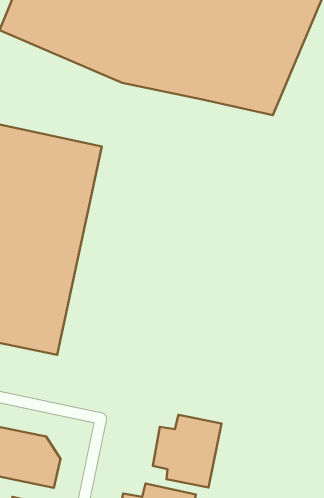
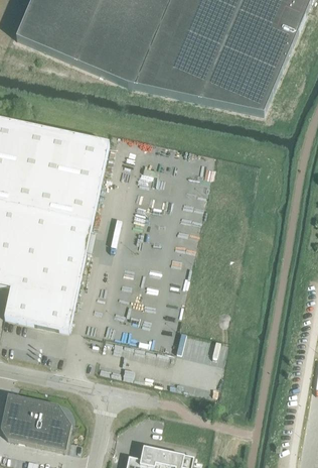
building: [153,415,222,488] -> none

